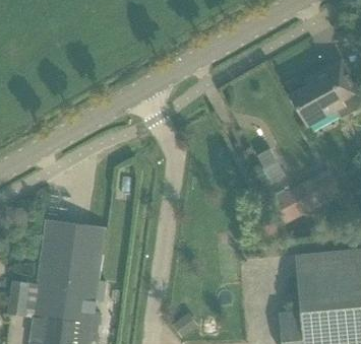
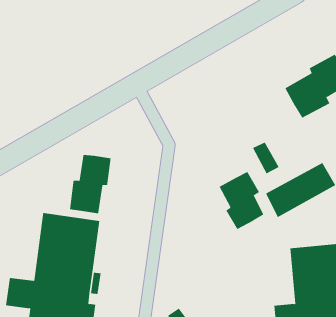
building: none -> [70,154,111,214]
building: none -> [219,171,264,230]

